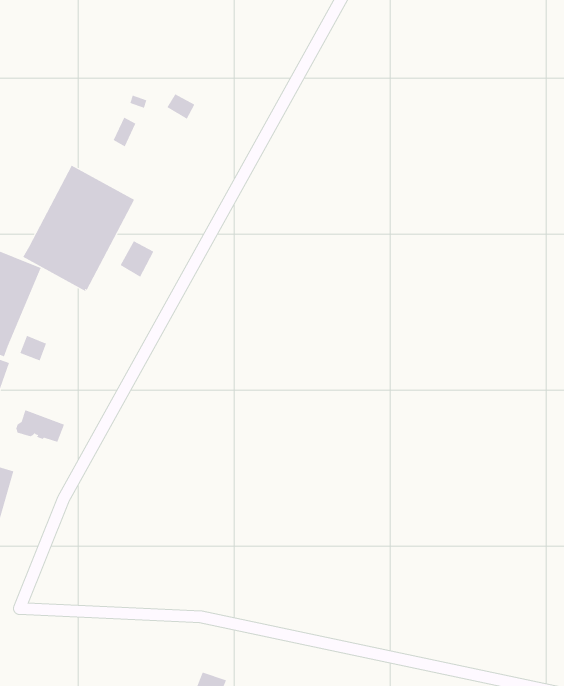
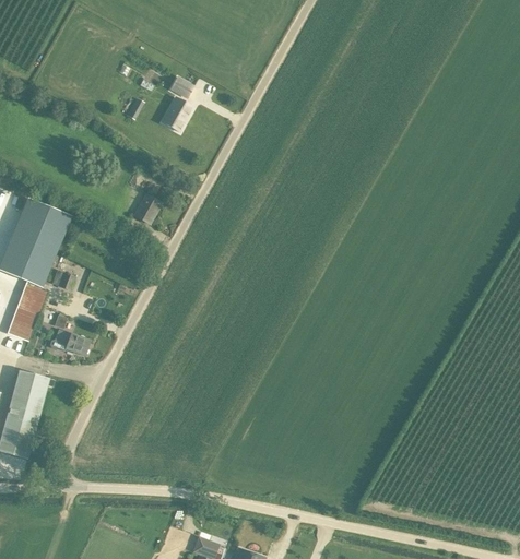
building: none -> [162,97,192,132]
building: [22,165,135,292] -> none

